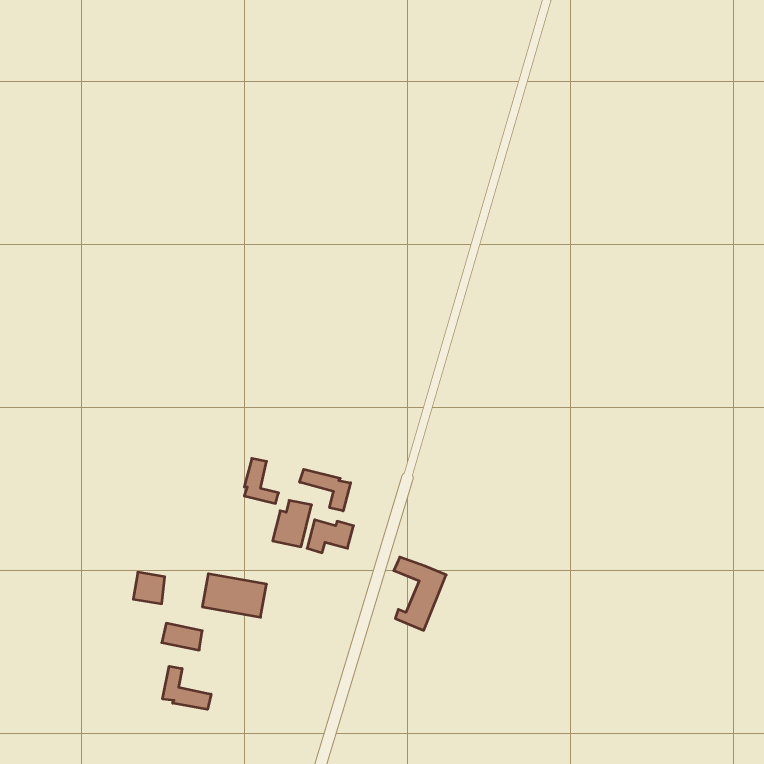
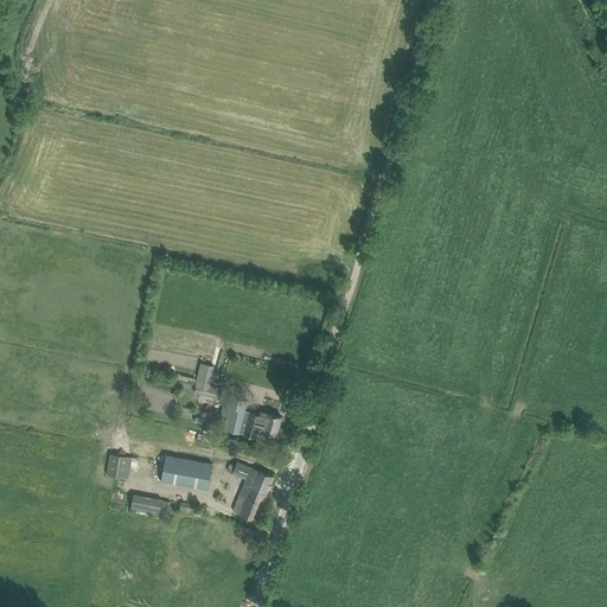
building: [300,469,351,511] -> none
building: [394,557,446,630] -> [231,462,273,520]
building: [163,666,211,709] -> none

